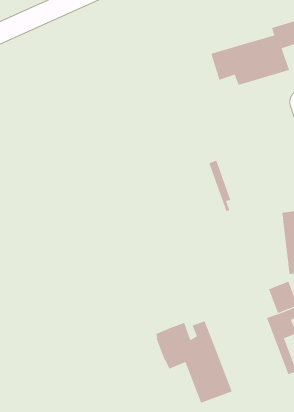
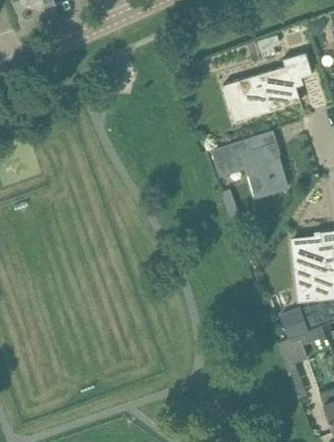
building: none -> [212,140,288,196]
building: [156,320,232,403] -> none

